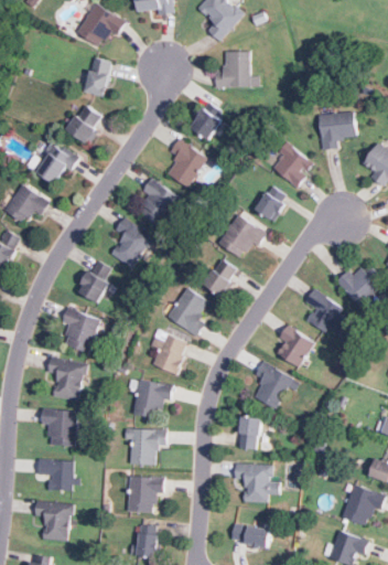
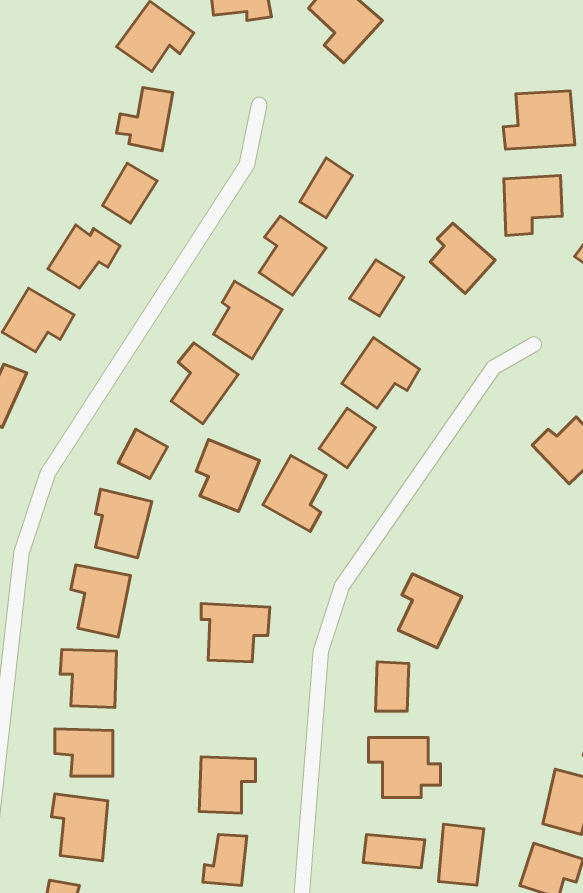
building: [215,51,258,87] -> none
building: none -> [503,91,575,149]
building: [254,185,288,221] -> [349,260,404,316]
building: [304,288,347,335] -> none
building: [277,324,314,367] -> none
building: [149,329,188,374] -> [196,439,260,512]
building: [125,428,166,465] -> none
building: none -> [438,824,484,885]

